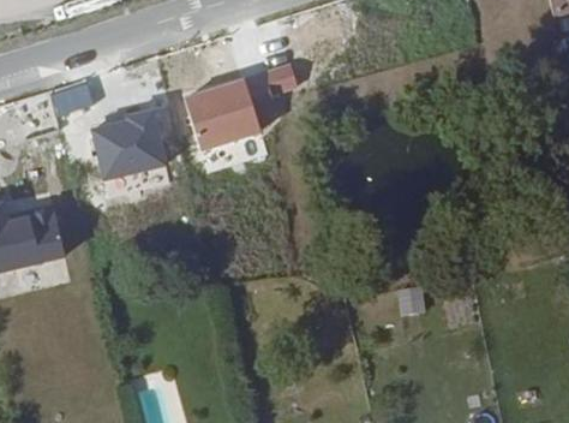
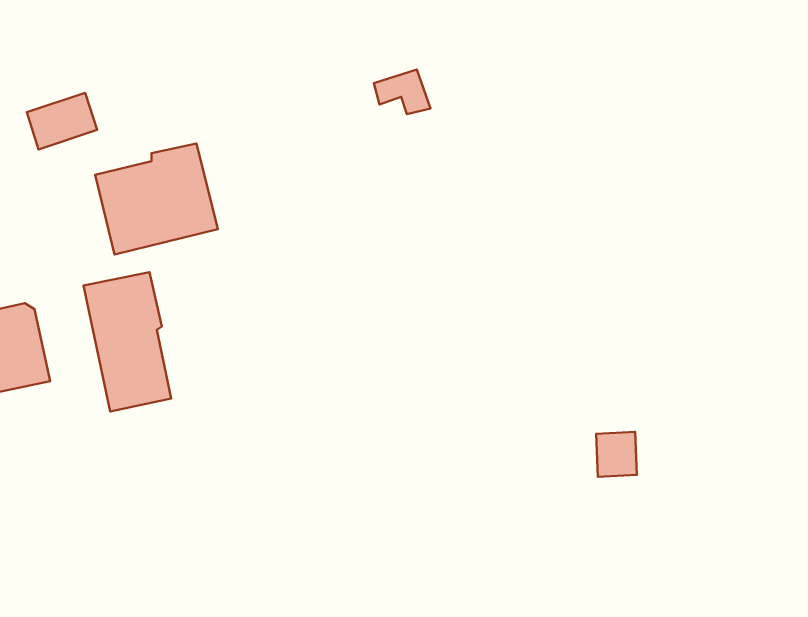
building: [184,78,257,148] -> none
building: none -> [84,272,171,412]

